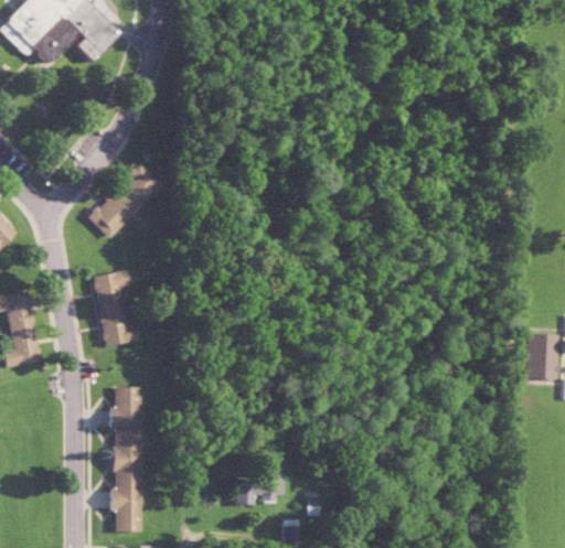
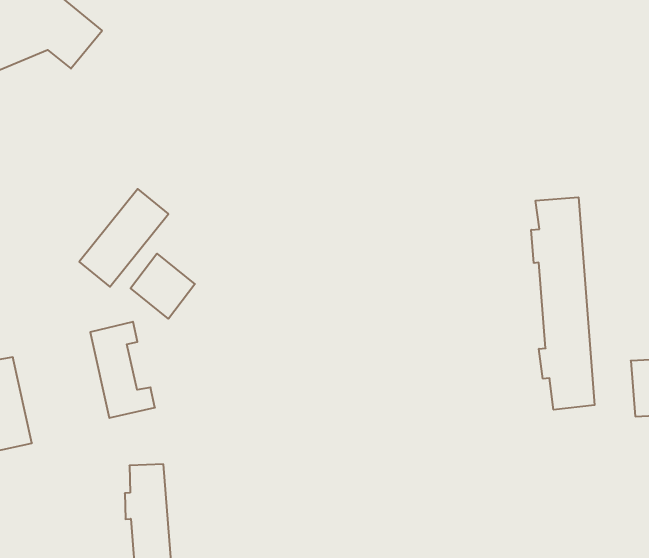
building: none -> [531,197,595,410]
building: none -> [131,254,195,319]

